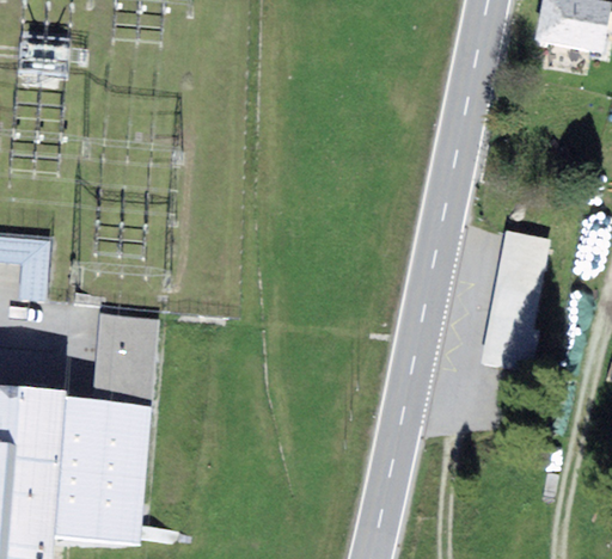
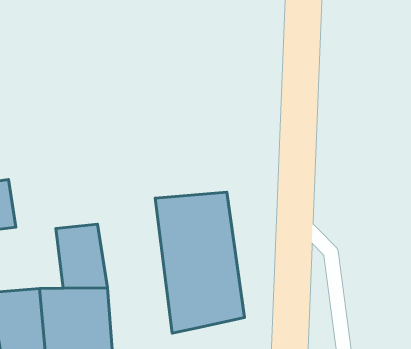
building: [481,229,551,373] -> none
building: none -> [155,192,244,333]

